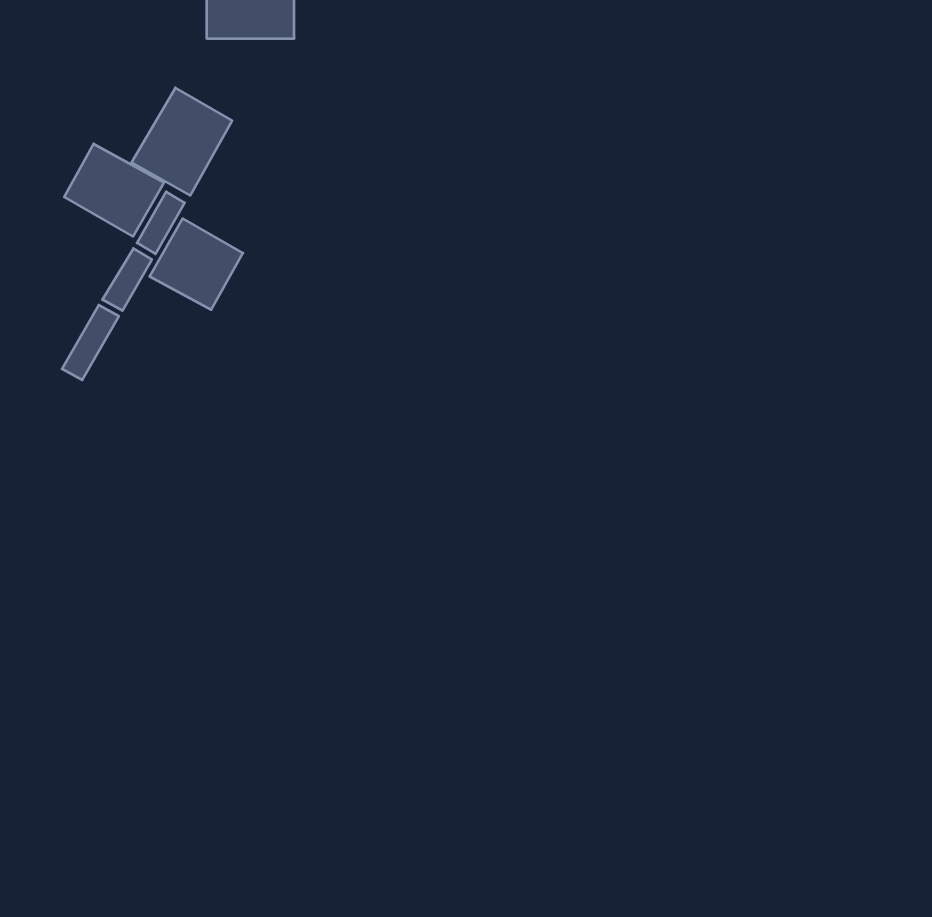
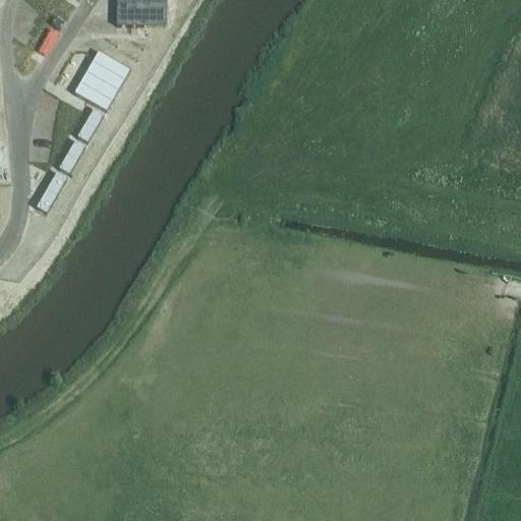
building: [64,144,164,236] -> none
building: [150,219,243,310] -> none

